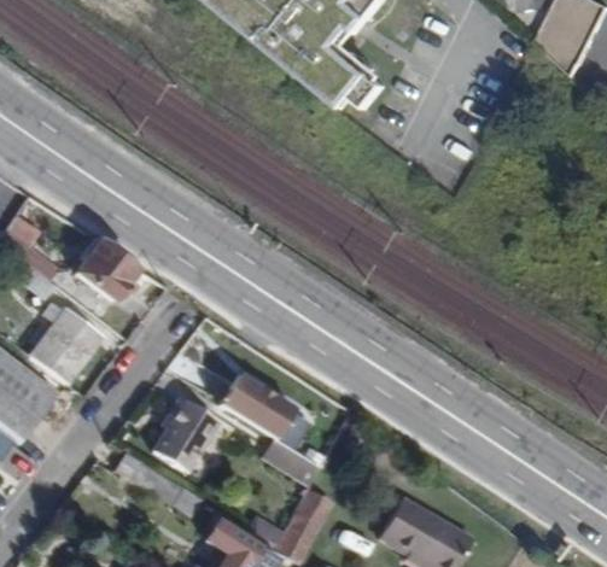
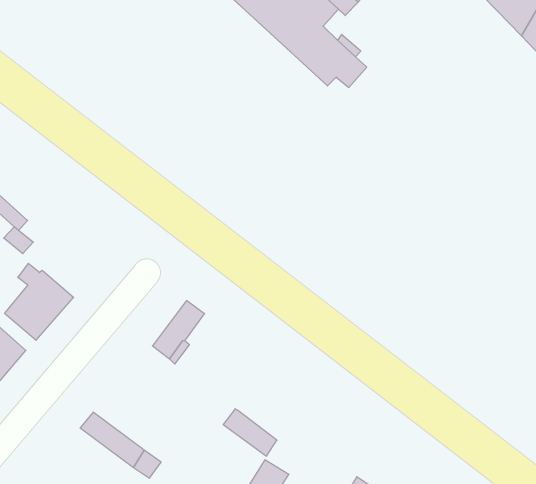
building: [77,236,140,299] -> none
building: [221,373,294,438] -> none
building: [153,399,218,469] -> none

